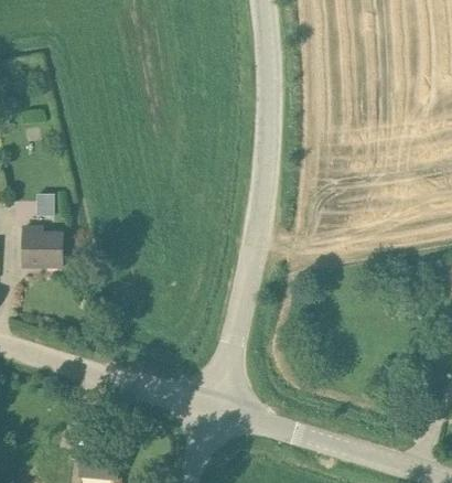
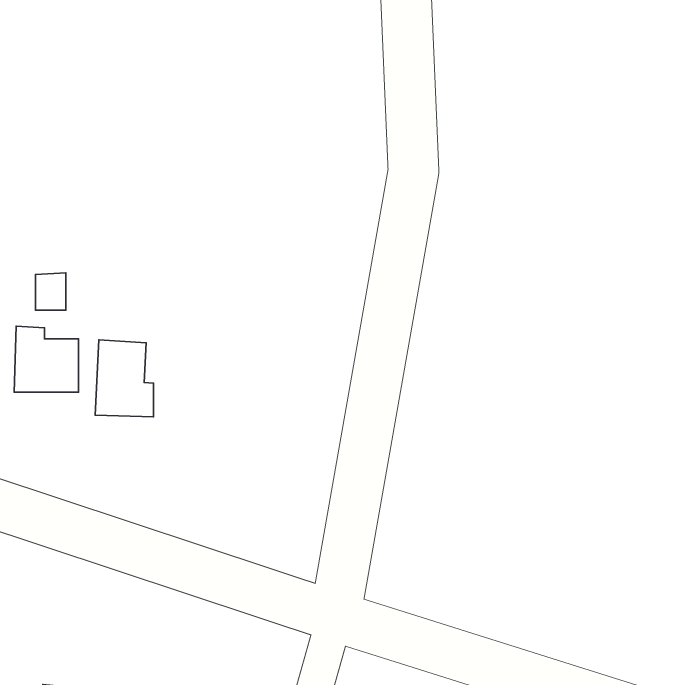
building: none -> [95,340,154,417]

